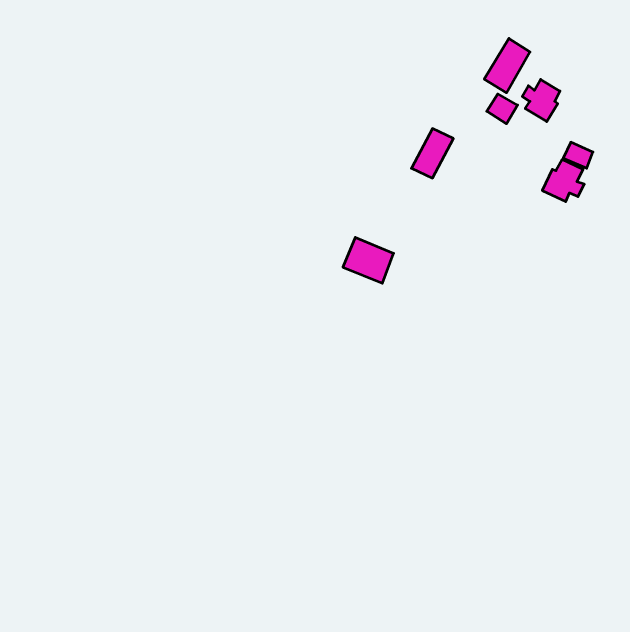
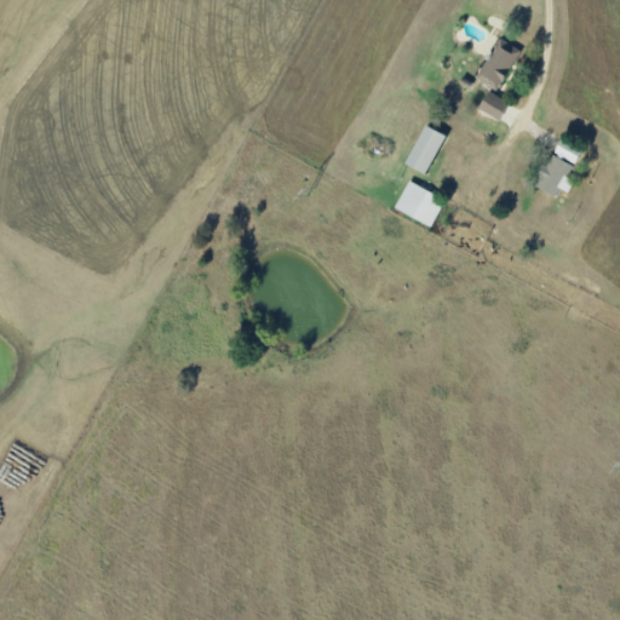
building: [522,79,560,122] -> none
building: [343,237,394,283] -> [394,182,443,226]

